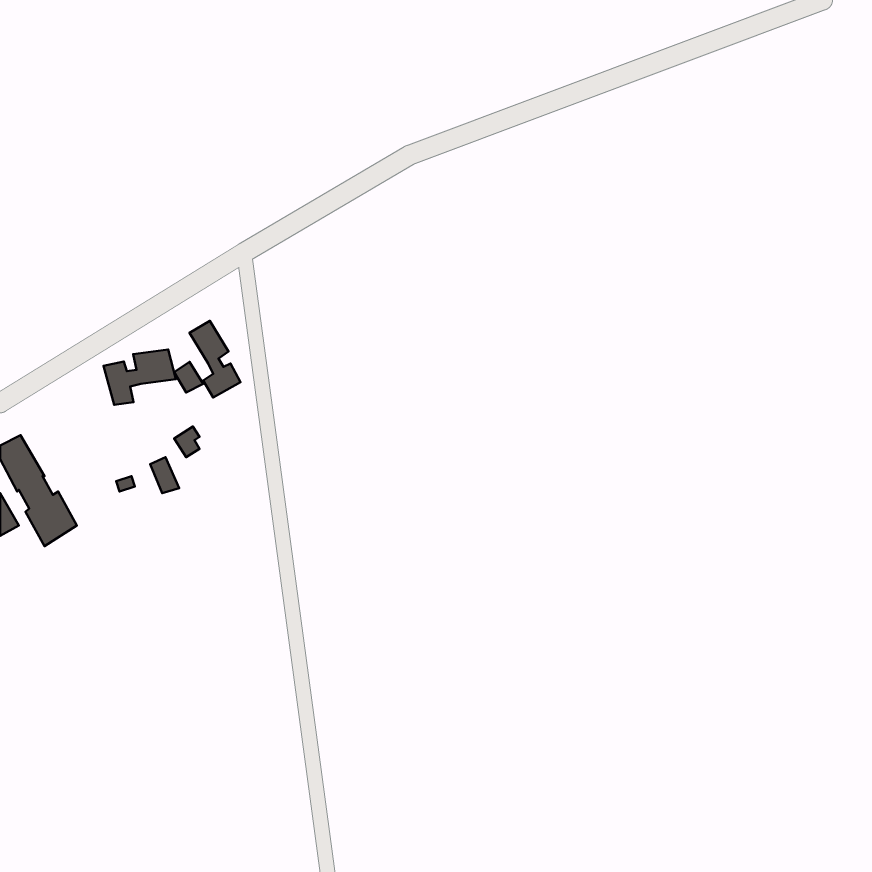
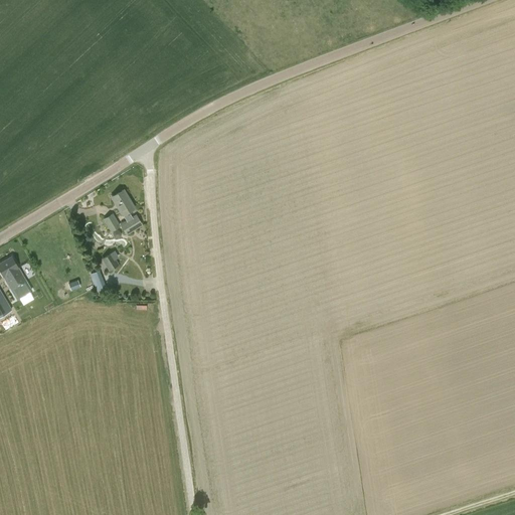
building: [104,350,176,405] -> none

